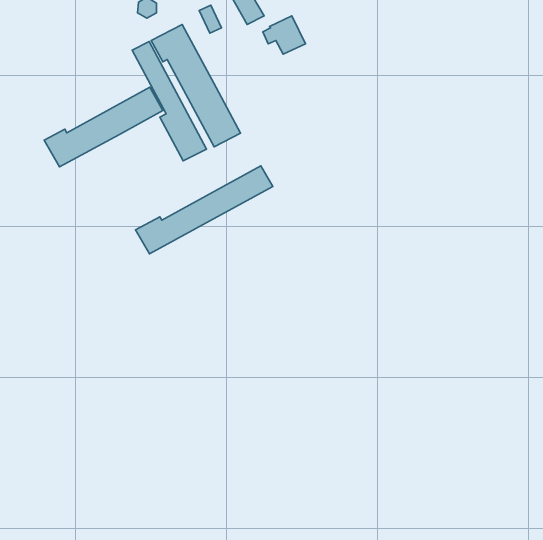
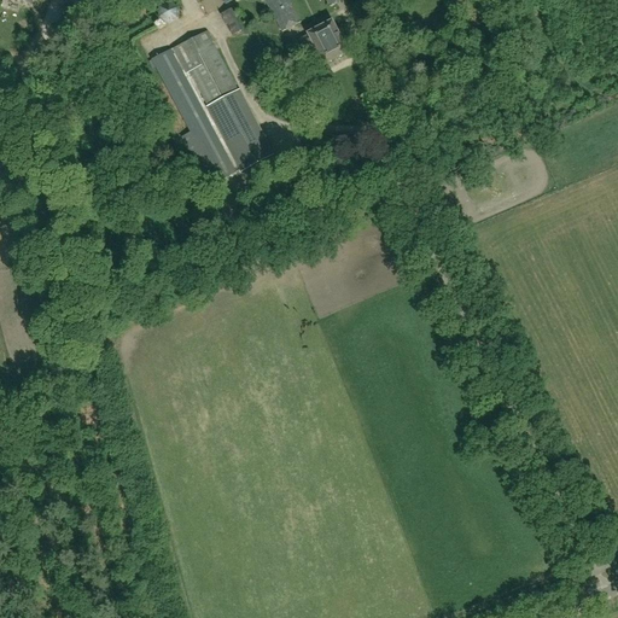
building: [44,87,163,167] -> none
building: [136,166,273,254] -> none

